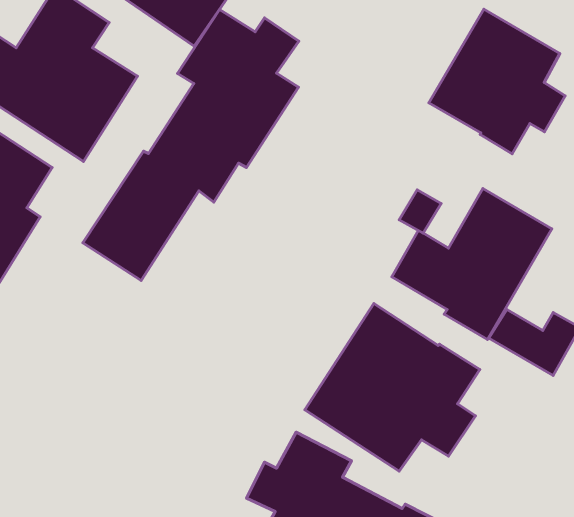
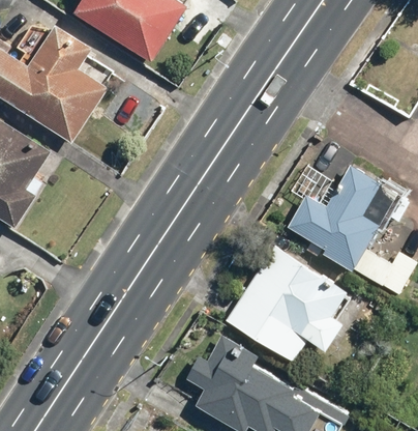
building: [429,9,565,154] -> none
building: [83,9,299,281] -> none

